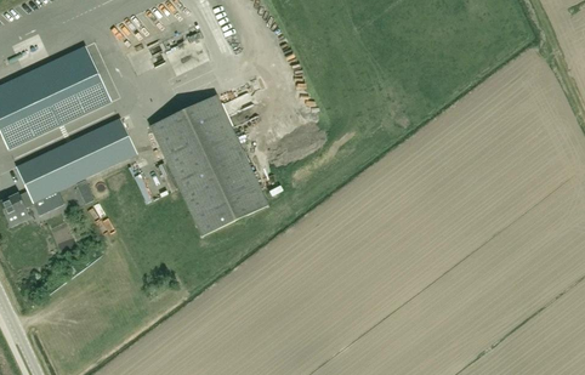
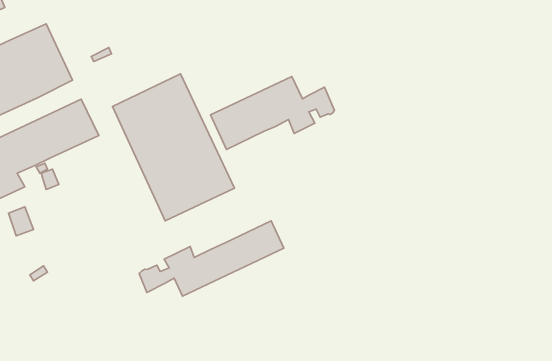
building: none -> [211,76,334,150]
building: none -> [139,221,284,296]

